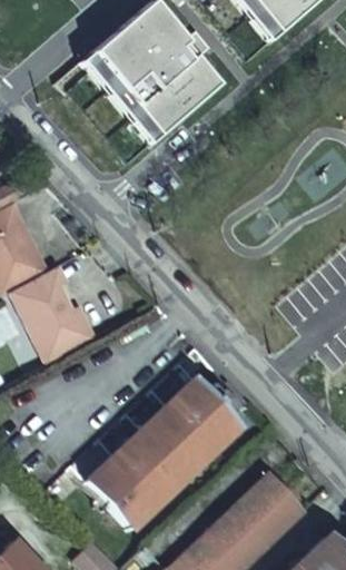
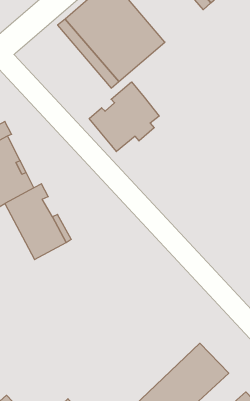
building: none -> [89,82,159,152]
building: [87,380,250,530] -> none

